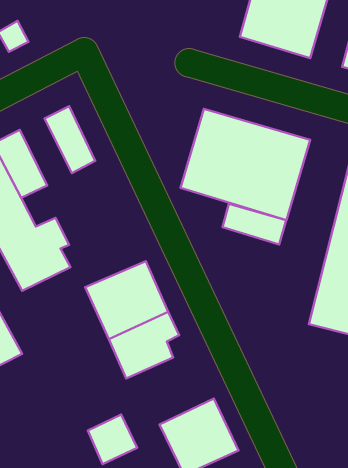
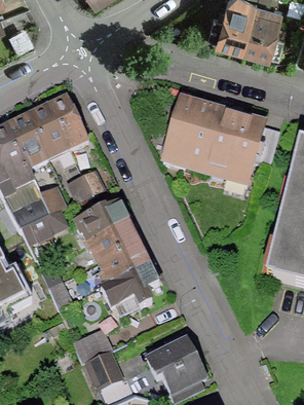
building: none -> [27,102,70,157]
building: none -> [66,162,115,201]
building: [223,204,286,245] -> none
building: none -> [72,196,131,242]
building: none -> [72,325,113,361]

